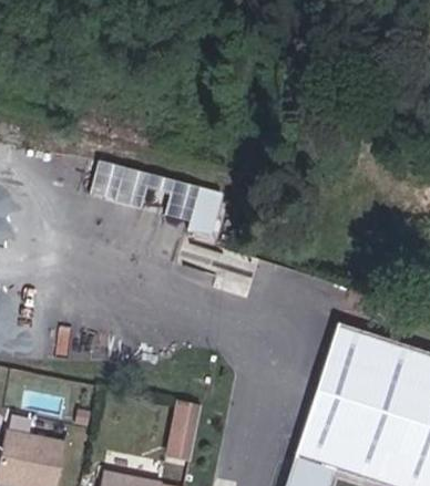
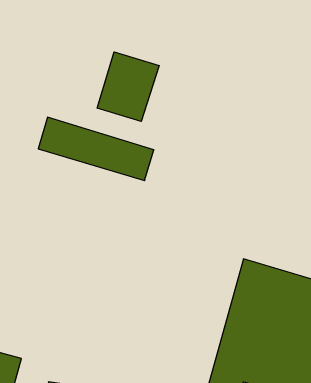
building: none -> [97,52,159,121]
building: [165,400,204,462] -> none

